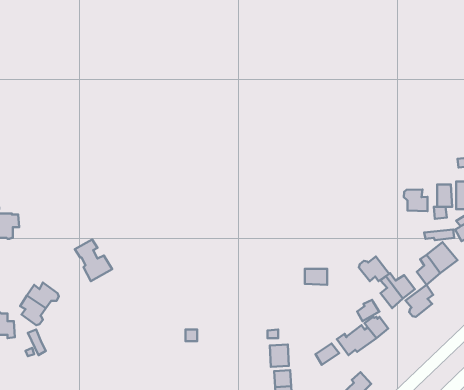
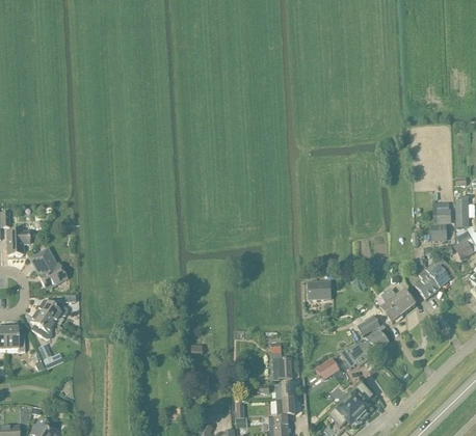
building: [404,190,428,211] -> none
building: [75,239,112,281] -> [30,248,67,289]
building: [359,256,389,281] -> none
building: [406,285,433,317] -> none

